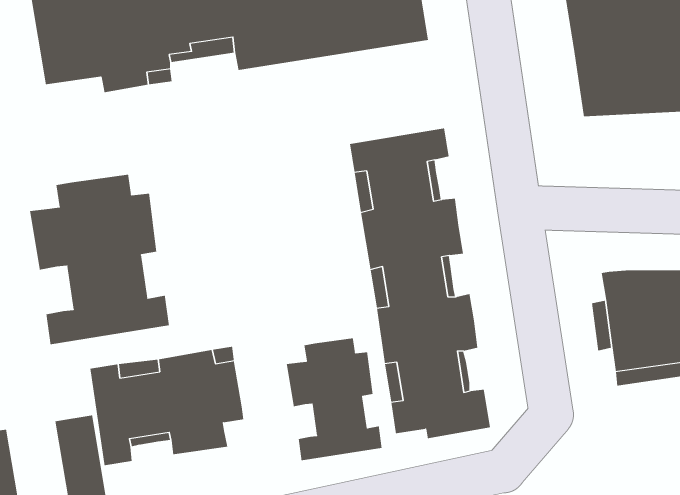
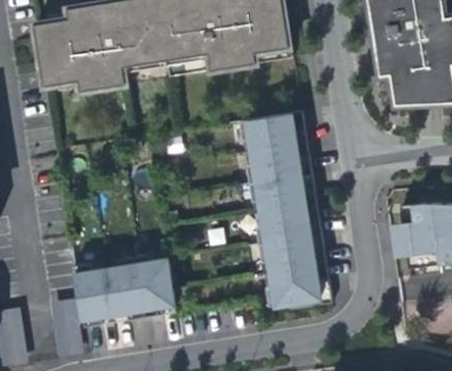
building: [29,174,170,345] -> none
building: [286,338,382,461] -> none

